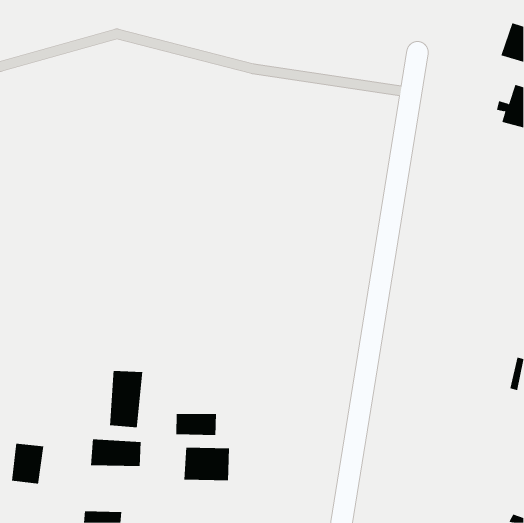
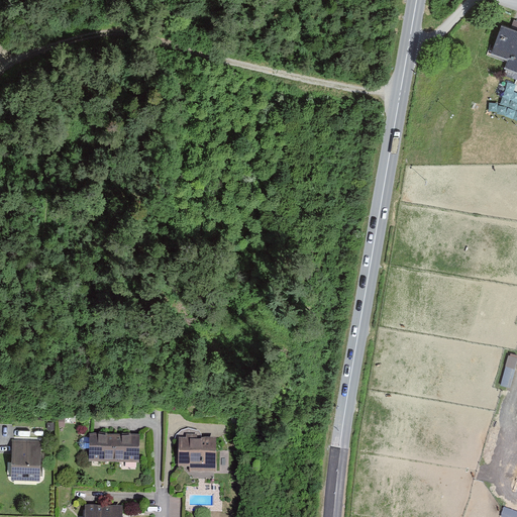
building: [110,370,143,428] -> none
building: [176,413,216,436] -> none

